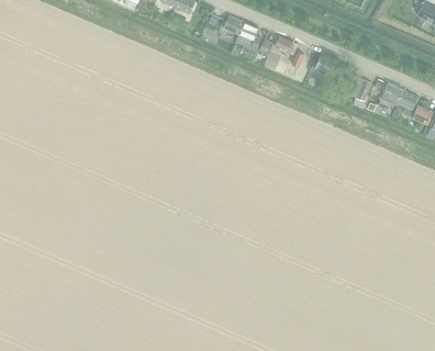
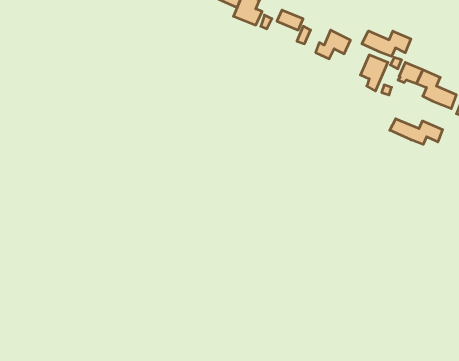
building: none -> [362,31,411,56]
building: none -> [390,119,443,144]

